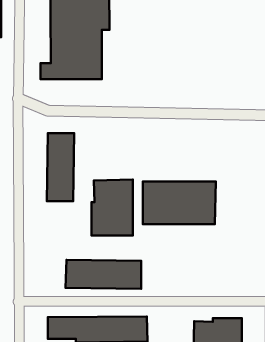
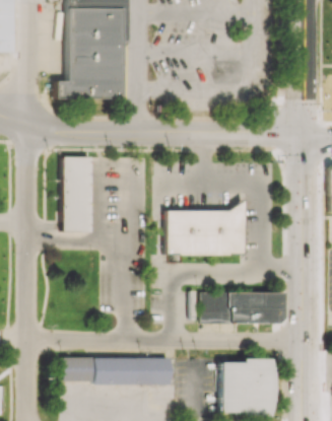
building: [92,180,133,236] -> none
building: [66,260,141,289] -> [201,291,283,323]

